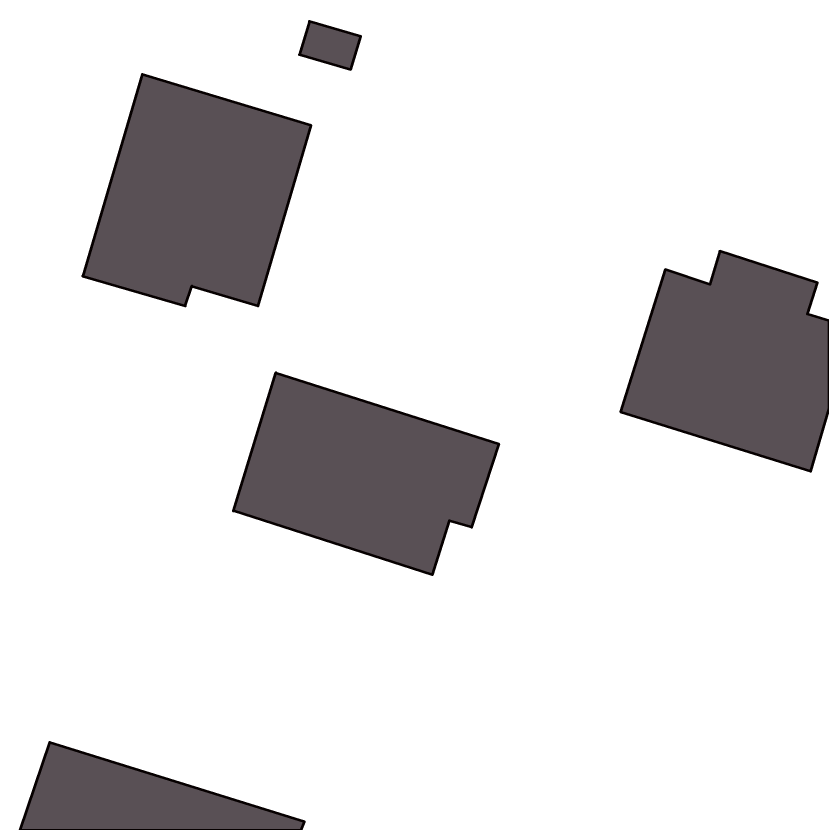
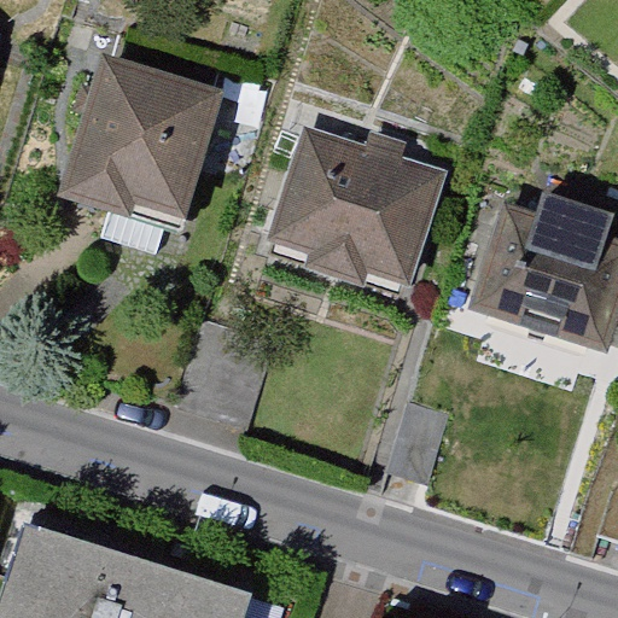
building: none -> [269,126,430,282]
building: [233,373,499,575] -> none

